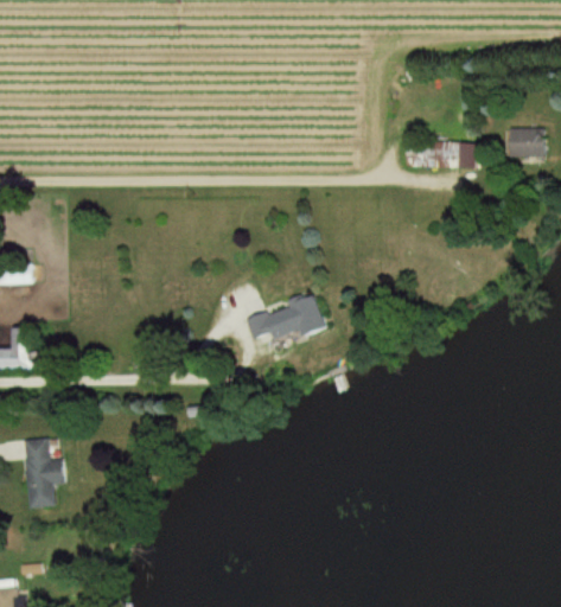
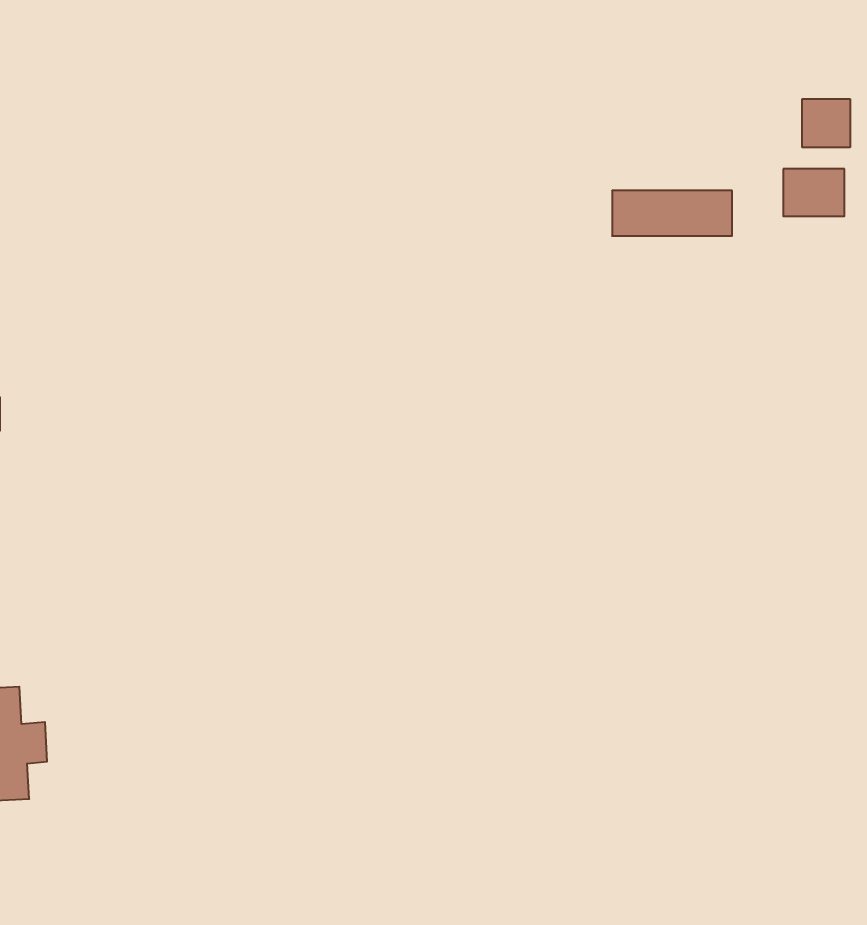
building: none -> [802,99,850,147]
building: [246,296,323,345] -> none

